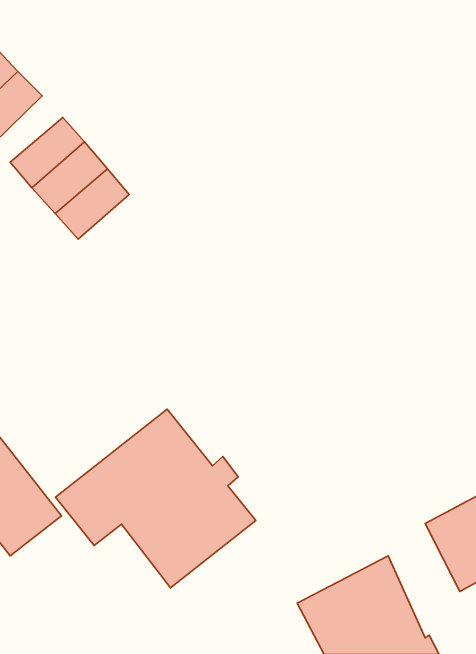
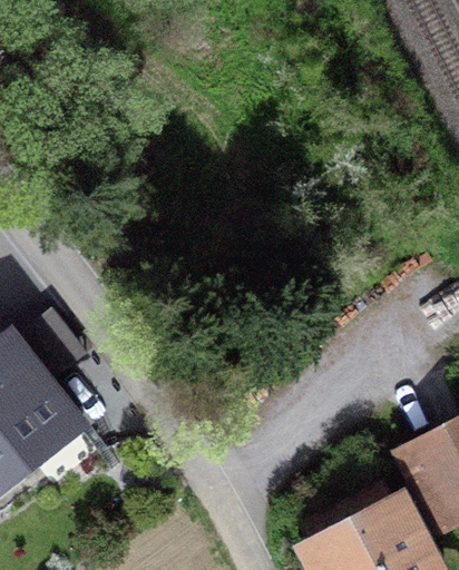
building: [55,409,256,588] -> none

